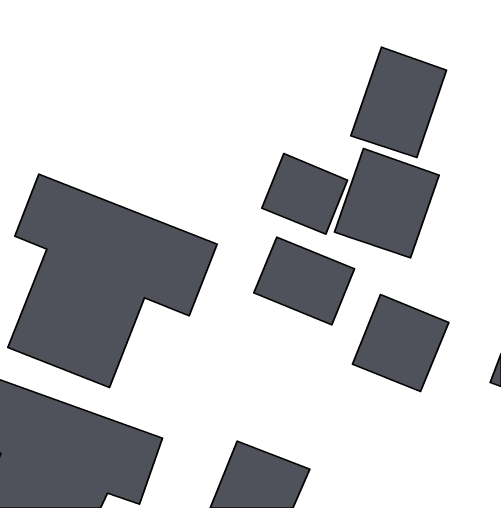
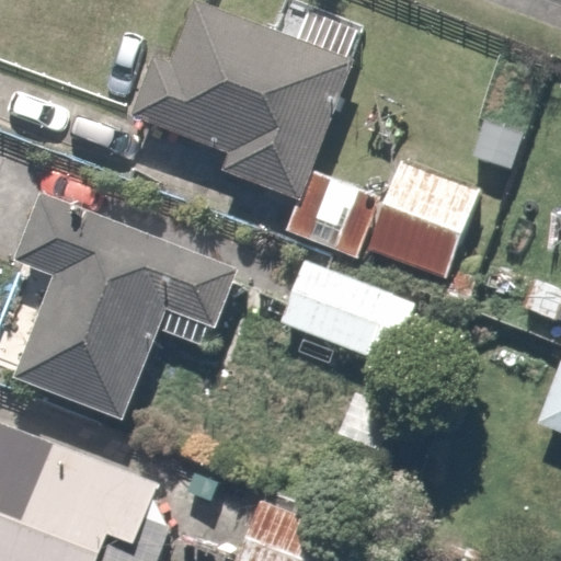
building: none -> [131,5,341,195]
building: [351,47,447,158] -> none
building: [353,294,449,392] -> none

